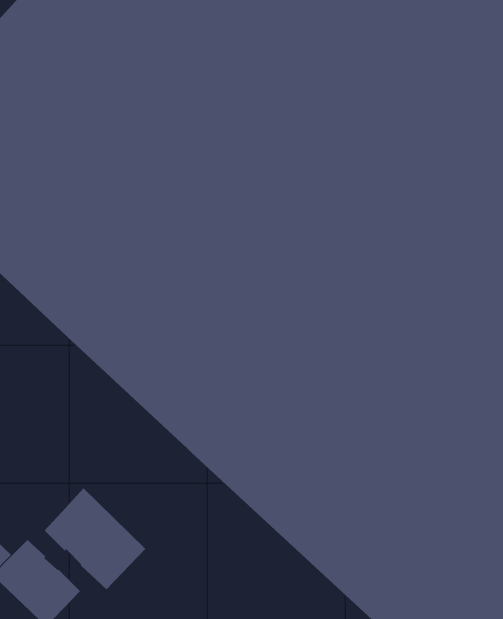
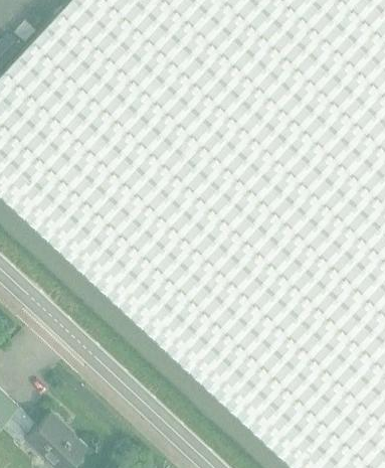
building: [44,488,146,590] -> none

